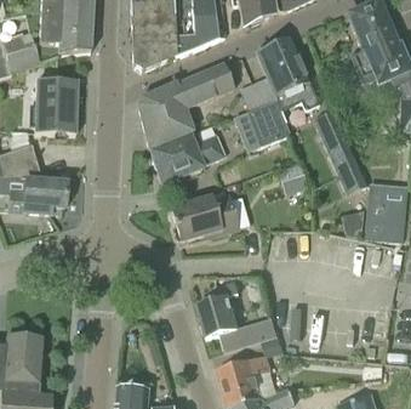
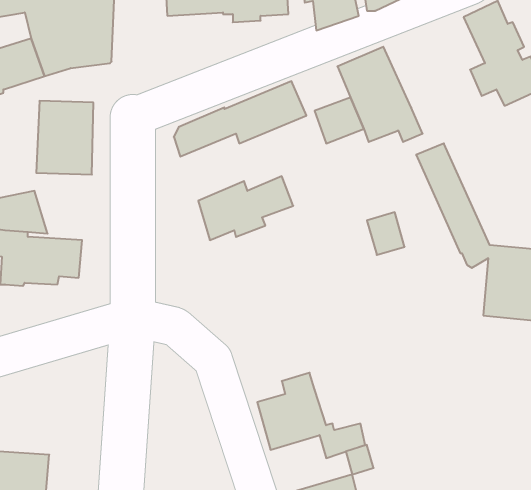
building: [131,12,223,72] -> none
building: [233,98,290,149] -> none
building: [141,102,194,149] -> none
building: [169,191,250,242] -> none

